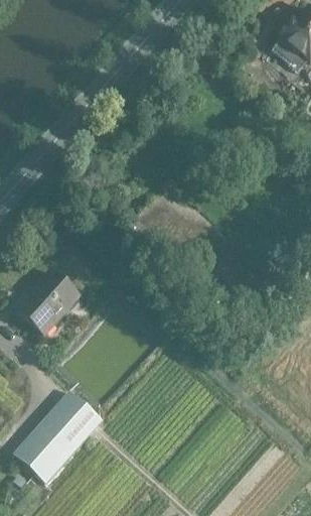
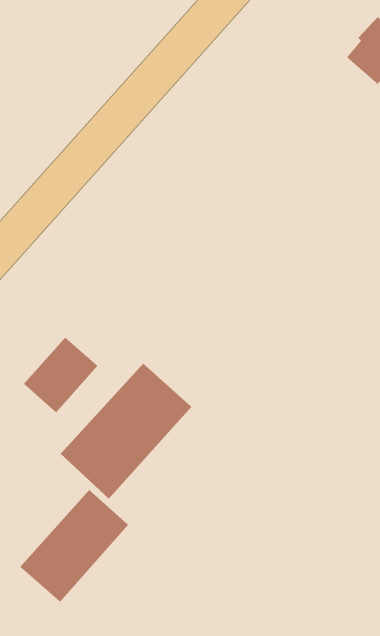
building: none -> [60,363,192,500]

